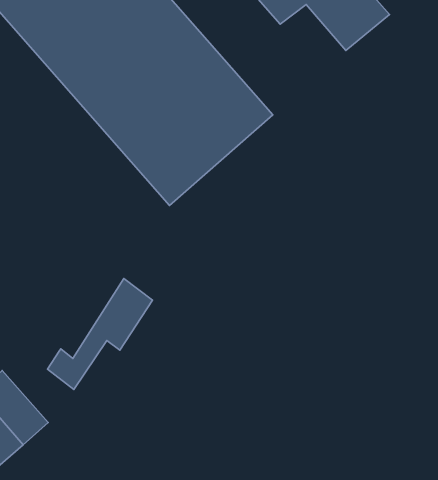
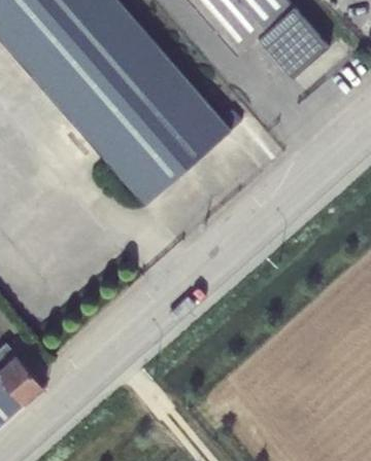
building: [48,279,153,389] -> none

